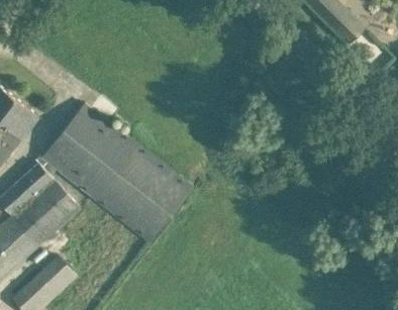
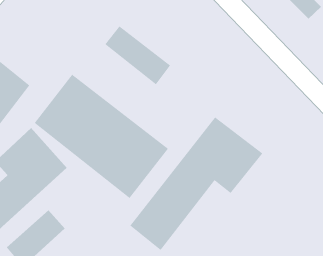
building: none -> [105,26,171,85]
building: none -> [130,117,263,251]

